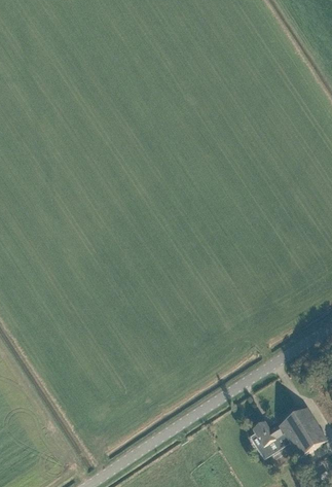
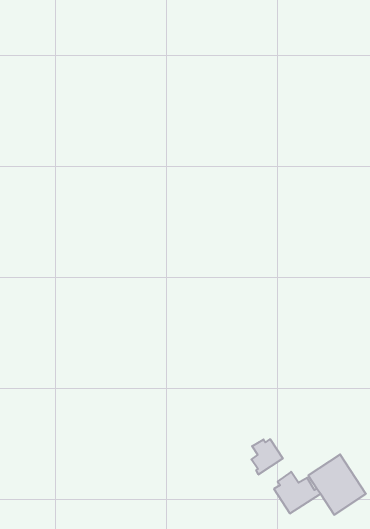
building: none -> [251,439,283,475]

